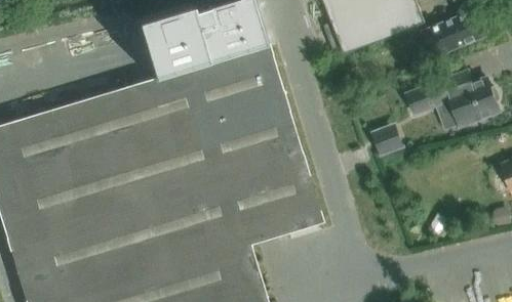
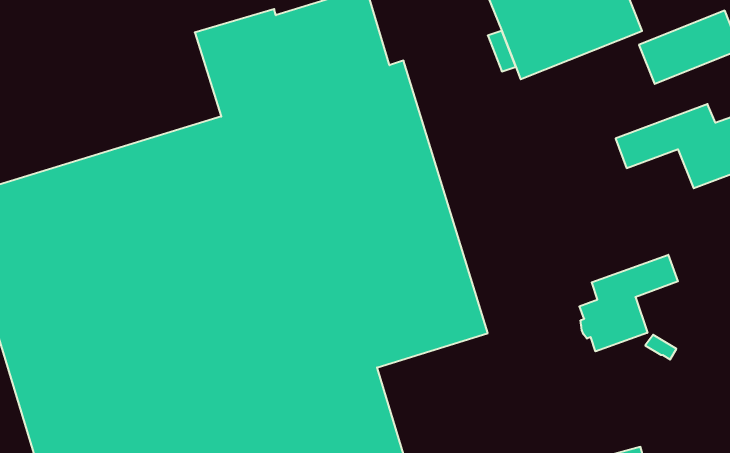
building: [372,122,407,157] -> none
building: none -> [579,255,678,351]

